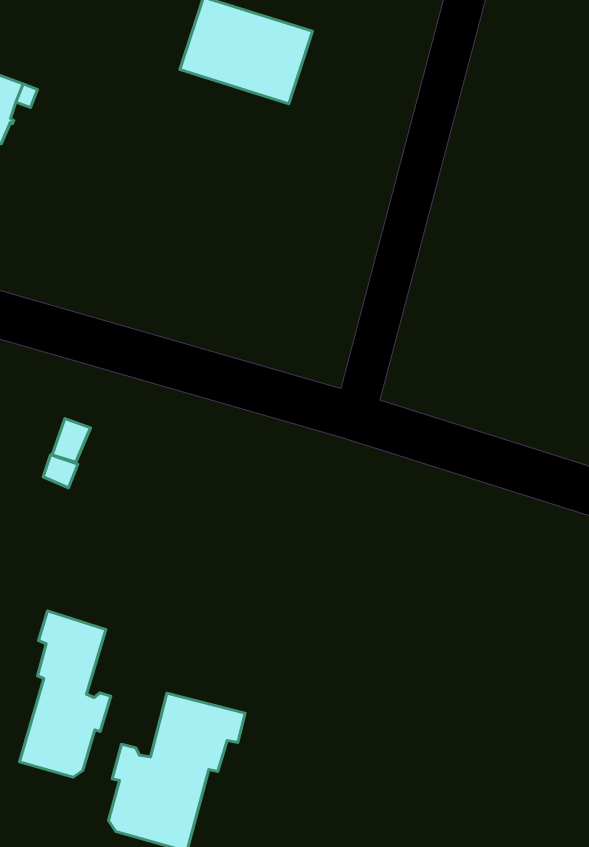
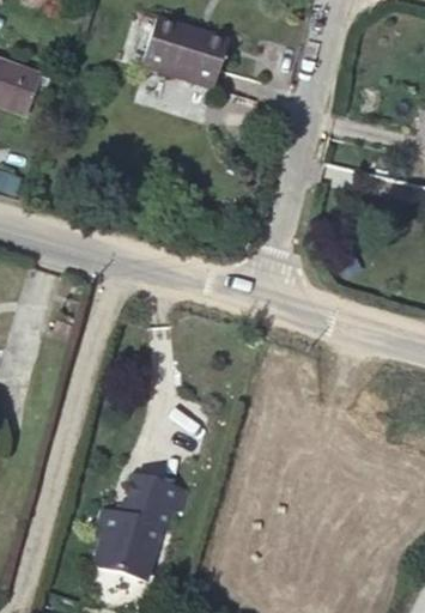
building: [19,611,111,777] -> none

